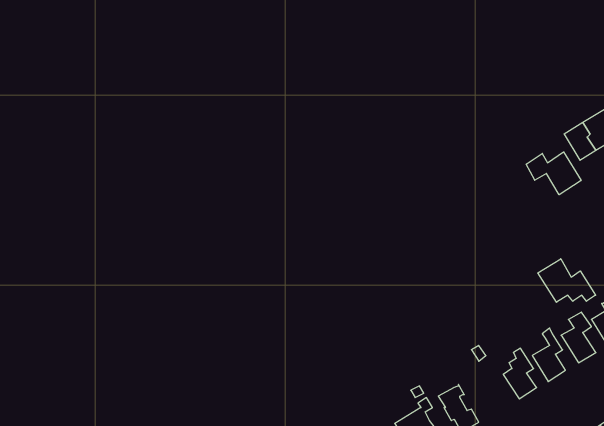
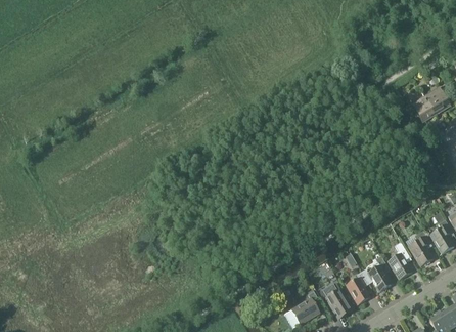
building: [526,152,581,195] -> none
building: [538,259,596,302] -> none
building: none -> [347,271,370,303]

